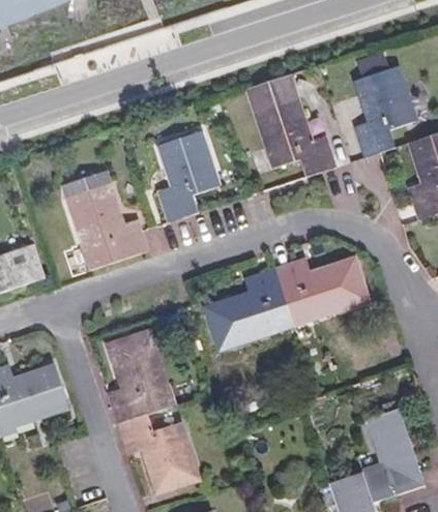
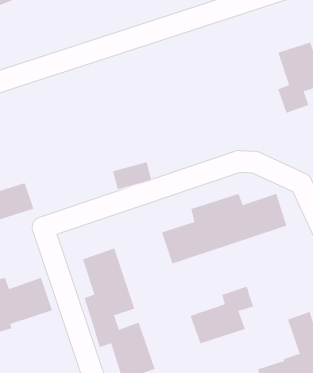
building: [247,74,337,177] -> none
building: [157,130,220,222] -> none
building: [63,171,147,270] -> none
building: none -> [190,286,254,344]

